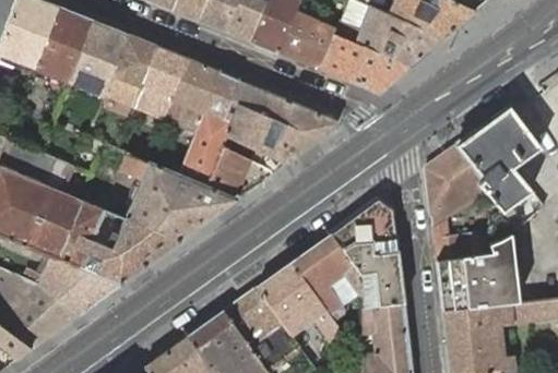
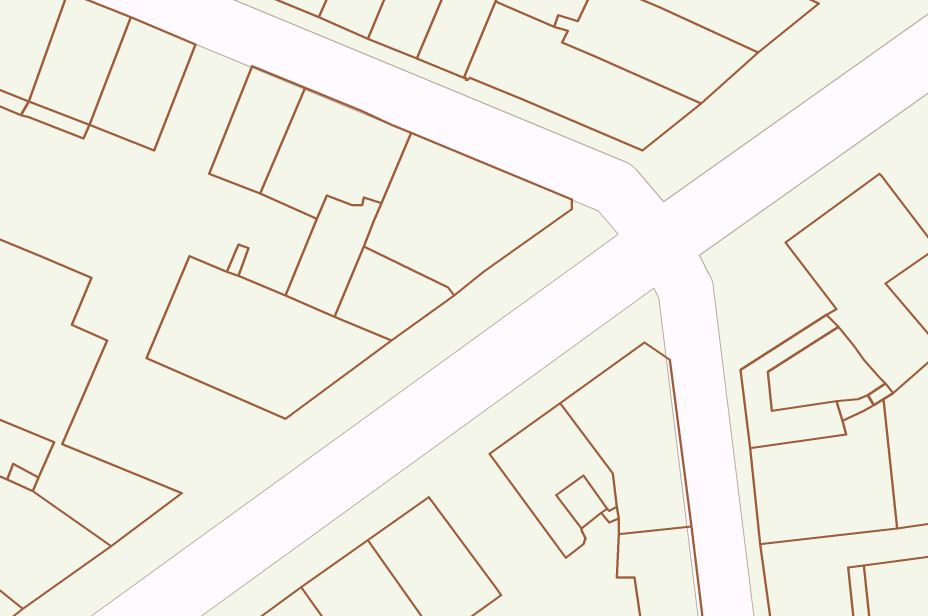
building: [105,35,159,107] -> none
building: [425,145,485,216] -> none
building: [54,200,178,285] -> none
building: [258,263,337,340] -> none

